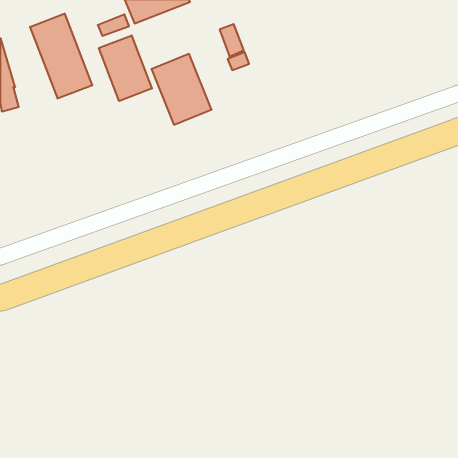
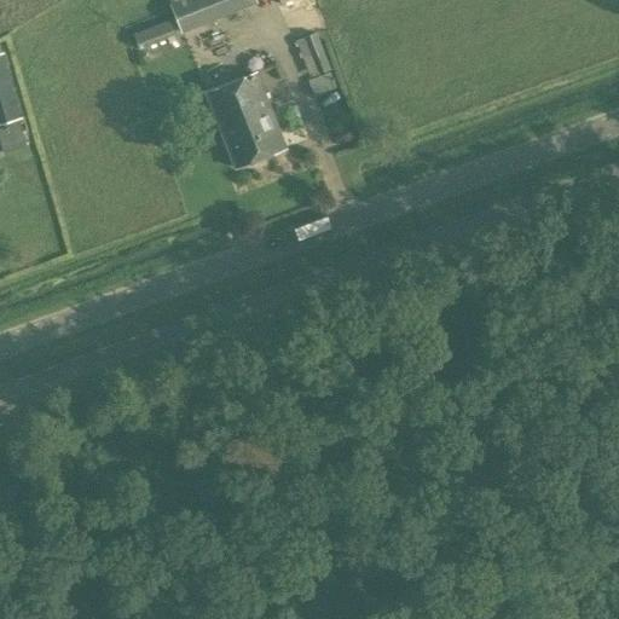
building: [30,14,92,99] -> none
building: [99,35,152,101] -> none

